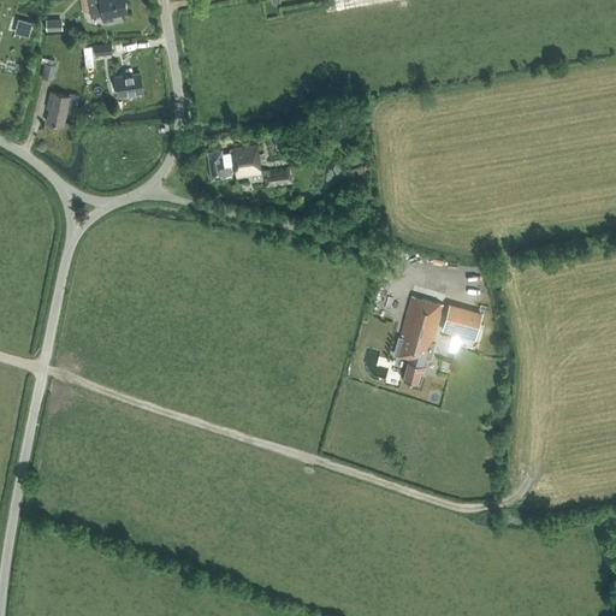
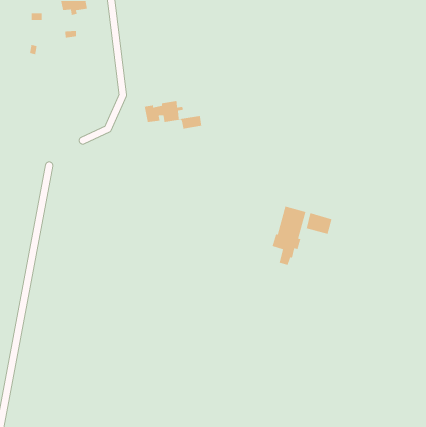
building: [107,72,141,95] -> none
building: [46,91,78,125] -> none

